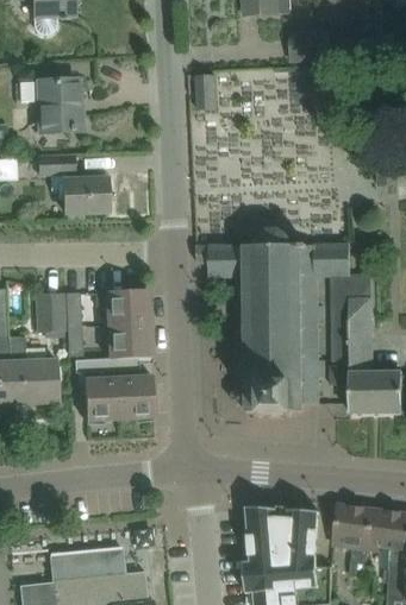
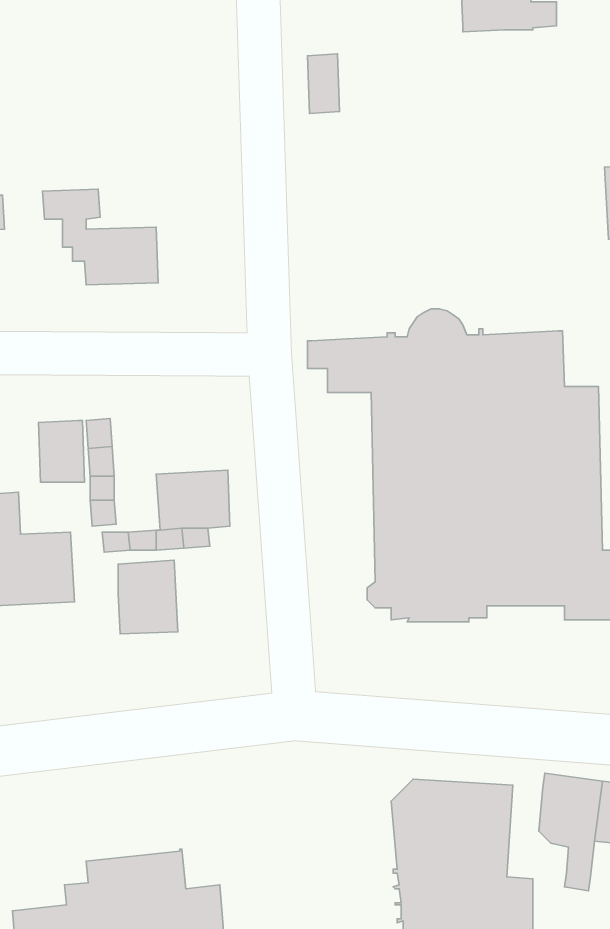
building: [20,80,79,132] -> none
building: [106,289,150,326] -> none
building: [118,376,155,420] -> none

